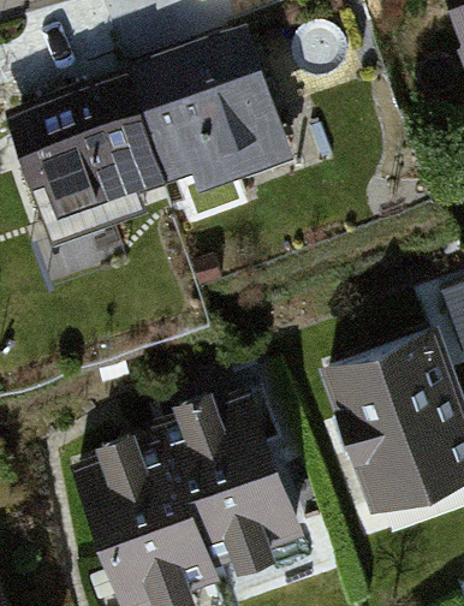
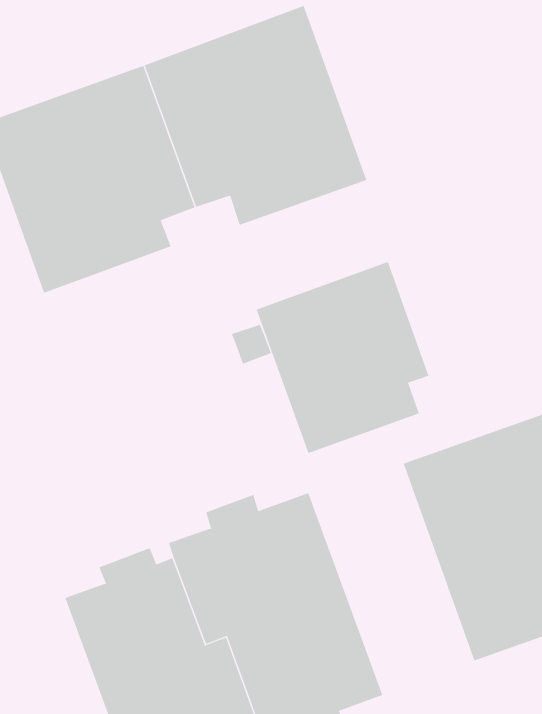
building: none -> [256,261,429,454]

